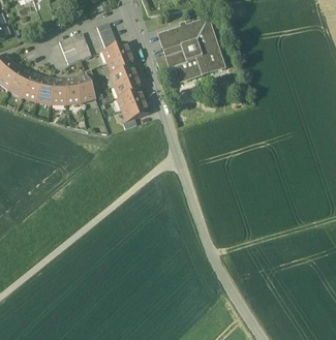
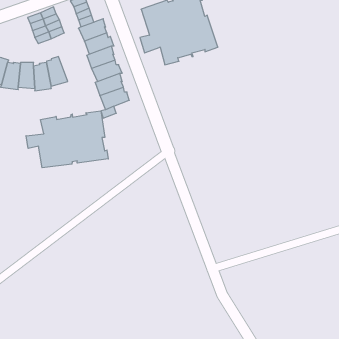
building: none -> [26,111,108,168]

